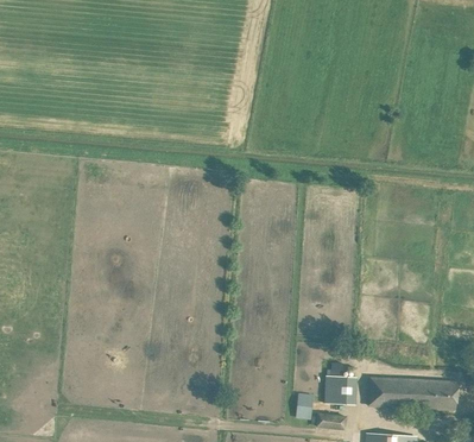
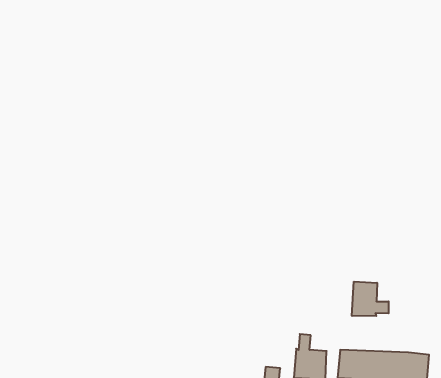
building: none -> [352,282,389,316]

